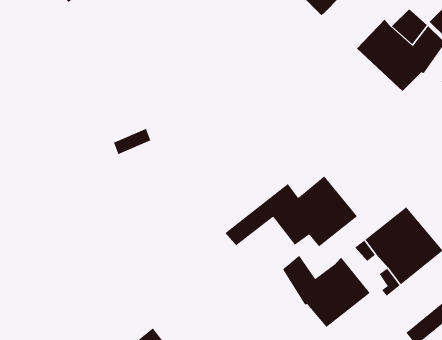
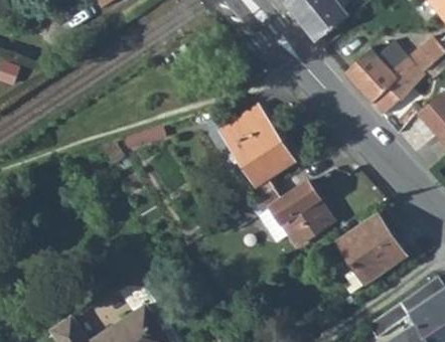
building: none -> [220,105,295,186]
building: [282,255,370,328] -> none

